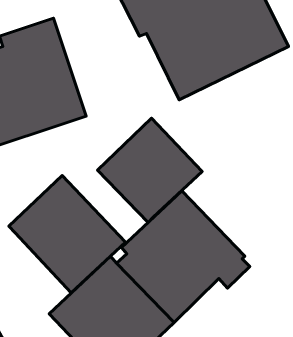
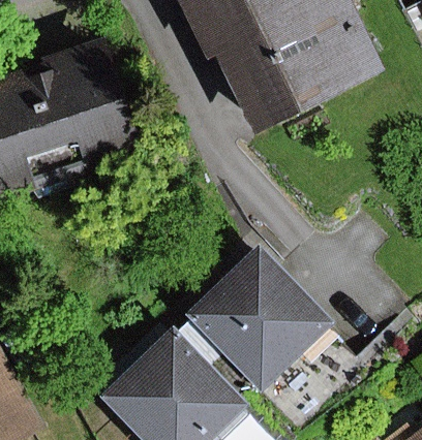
building: [98,118,202,223] -> none
building: [9,175,126,293] -> none

